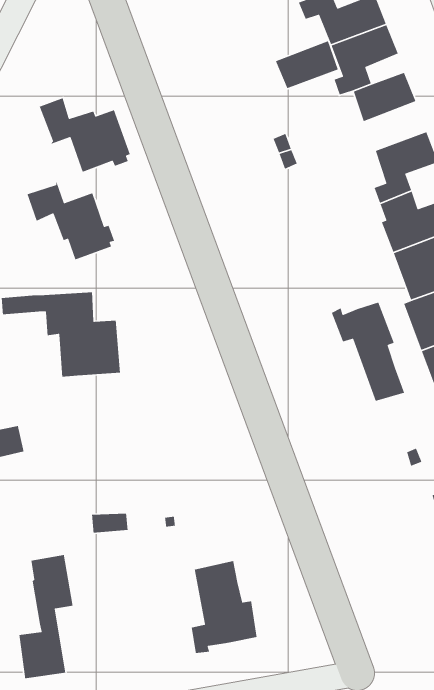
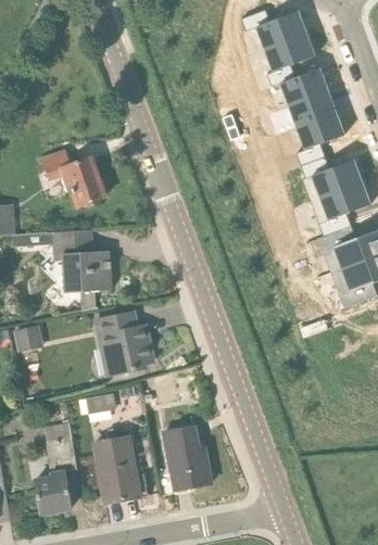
building: [275,40,339,89] -> [289,90,336,126]
building: [37,97,131,173] -> none
building: [331,302,405,402] -> none
building: none -> [94,312,154,372]
building: none -> [96,436,140,502]

